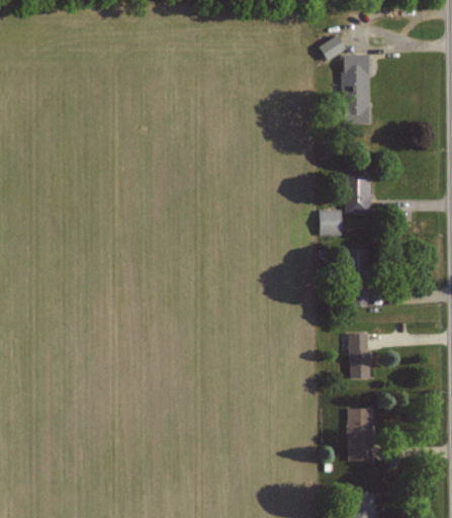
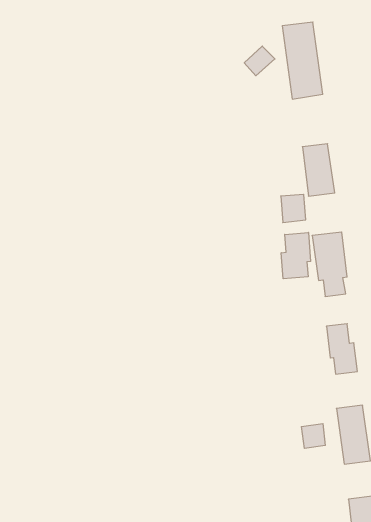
building: [318,35,346,62] -> [244,46,275,76]
building: none -> [281,232,311,279]
building: none -> [301,424,325,448]

